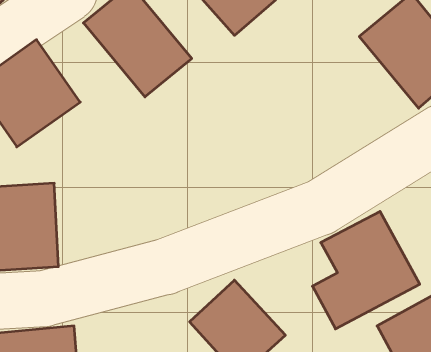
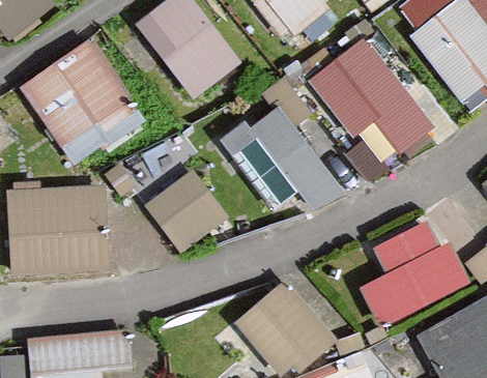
building: none -> [313,40,427,159]
building: none -> [224,105,335,217]
building: none -> [138,167,227,256]

